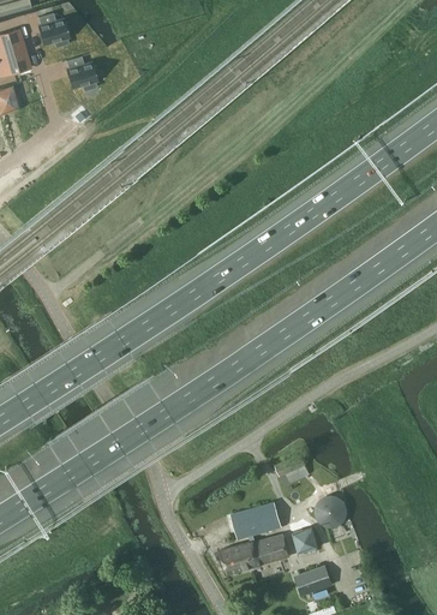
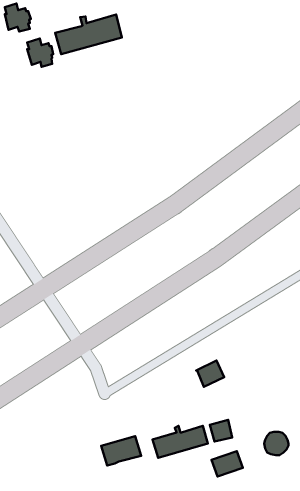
building: none -> [55,15,122,54]
building: [315,496,345,525] -> [264,432,288,455]
building: [231,502,280,538] -> [101,436,141,465]

